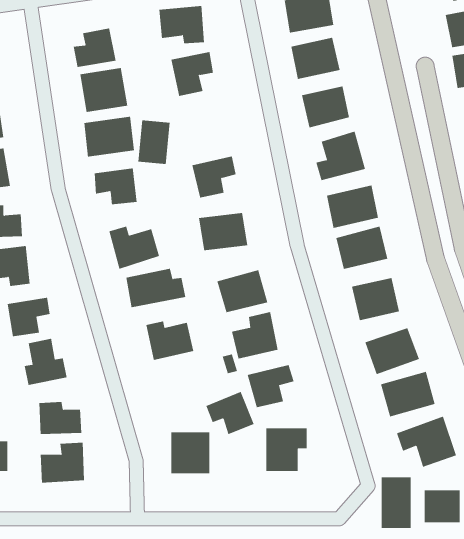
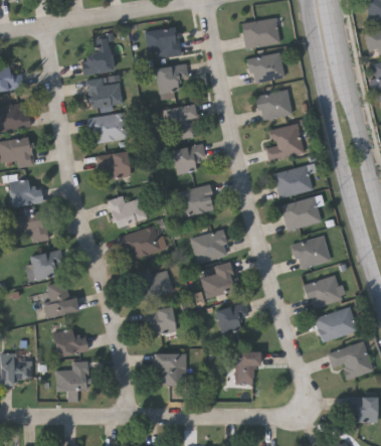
building: [137,120,170,165] -> [172,105,197,139]
building: [206,391,254,435] -> [141,303,178,336]
building: [381,477,411,529] -> none

